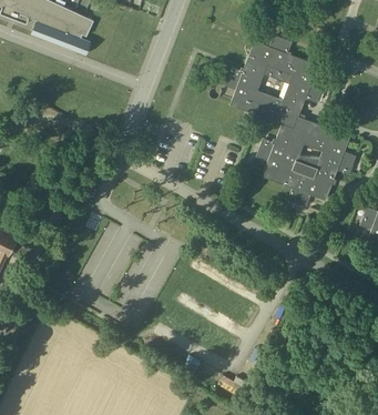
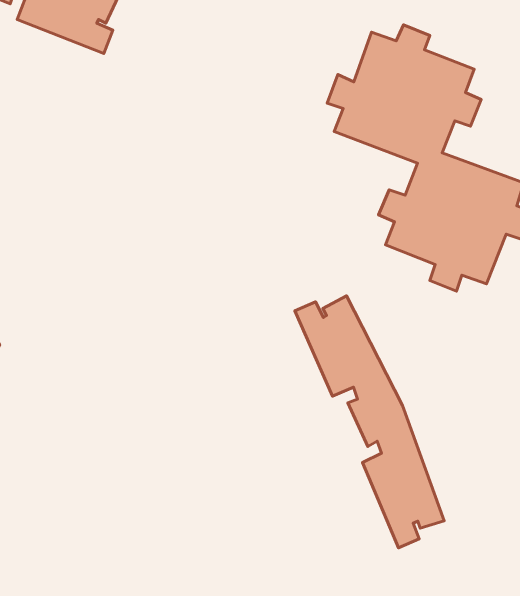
building: none -> [295,296,444,548]

